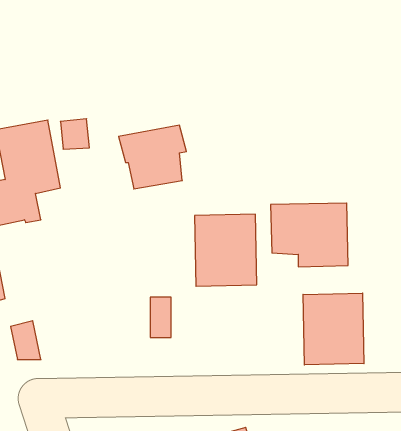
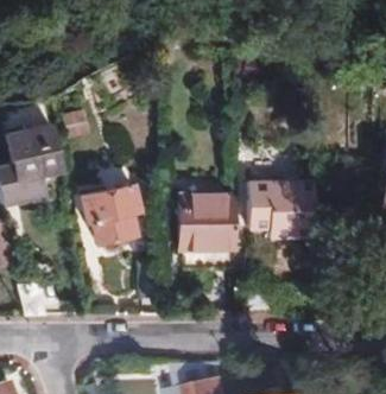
building: [119,125,186,189] -> [76,186,134,241]
building: [303,293,364,365] -> none

